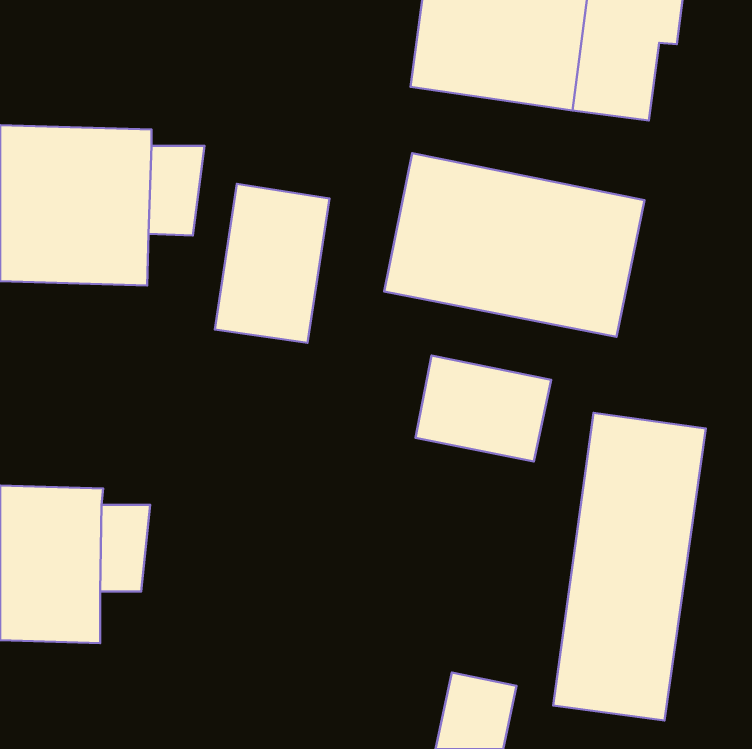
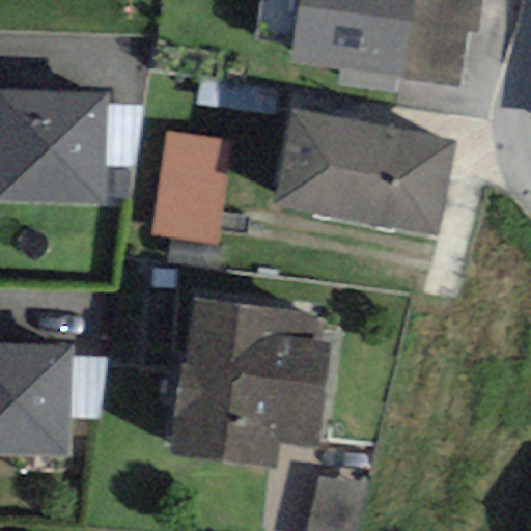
building: [415,356,551,462] -> none
building: [553,413,706,720] -> none
building: none -> [168,299,332,468]

